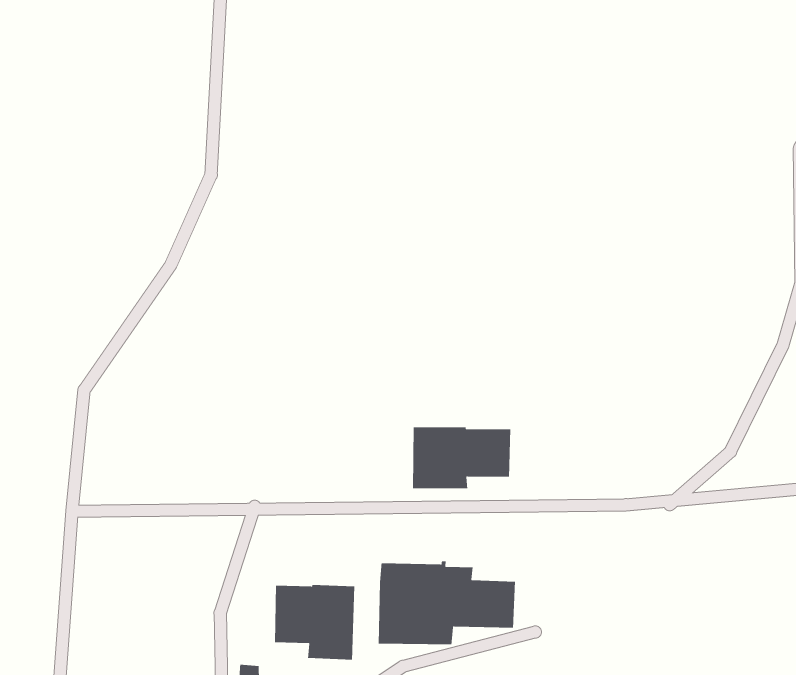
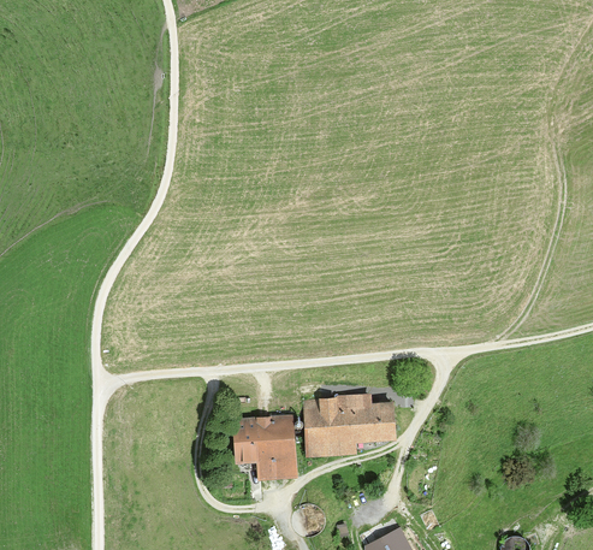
building: [412,427,511,489] -> none

